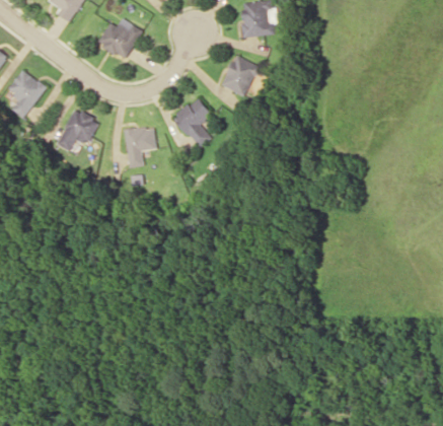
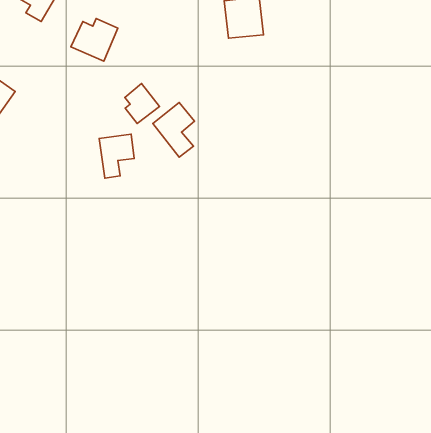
building: [220,54,259,95] -> none
building: none -> [125,83,159,123]
building: [55,108,98,150] -> none

